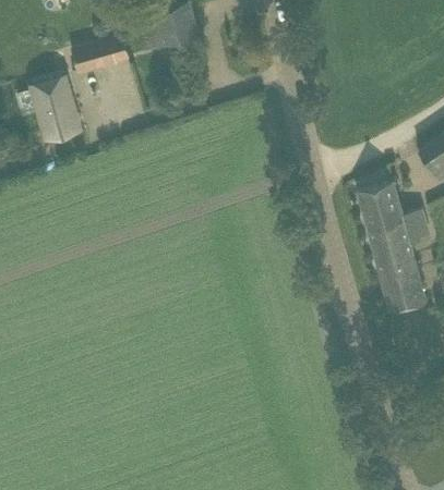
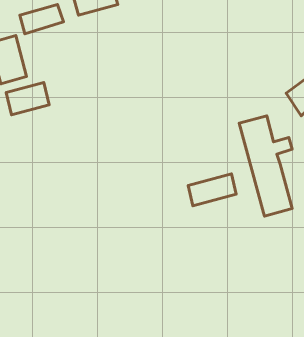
building: none -> [6,83,49,115]
building: none -> [188,174,236,206]

